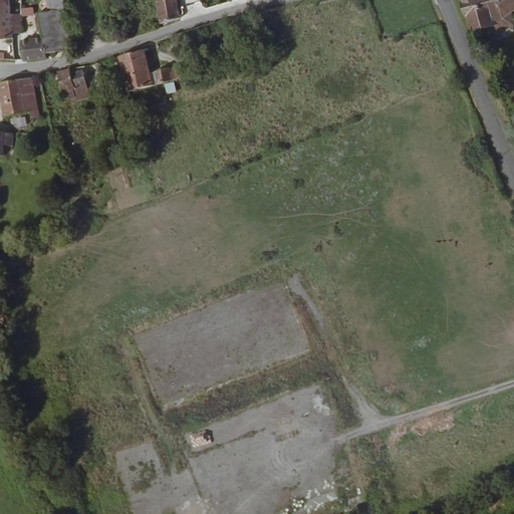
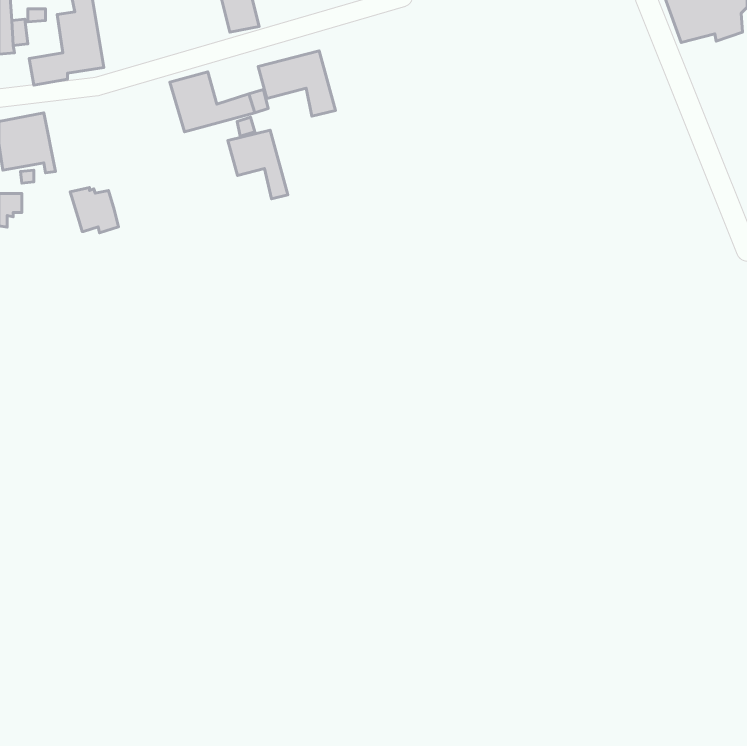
building: none -> [258,51,335,116]
building: [61,68,94,99] -> [70,187,119,233]
building: none -> [228,130,288,199]

